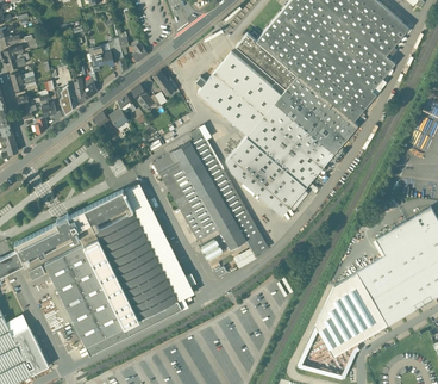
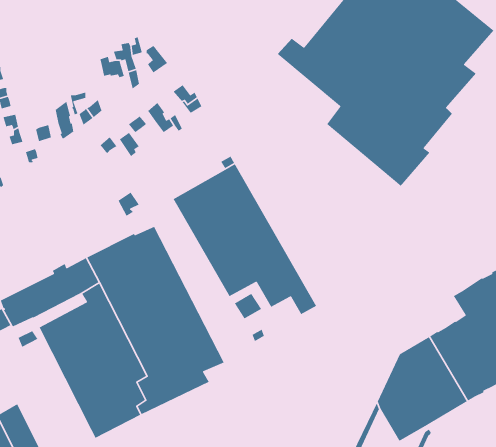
building: [198,52,334,215] -> none

